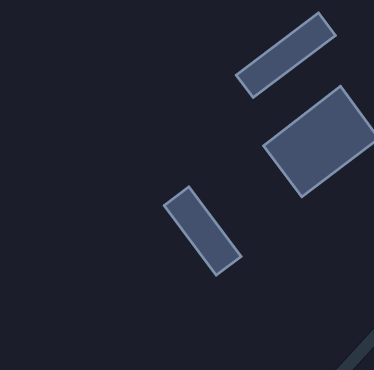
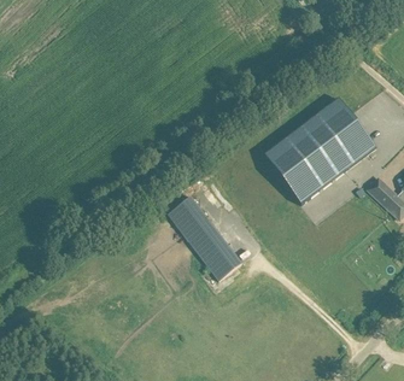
building: [236,13,335,98] -> none

